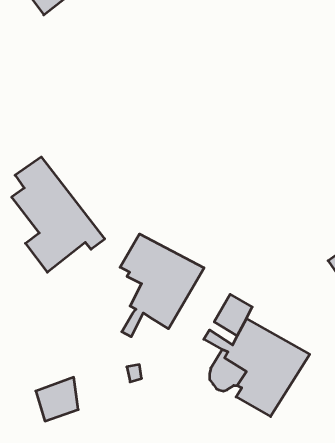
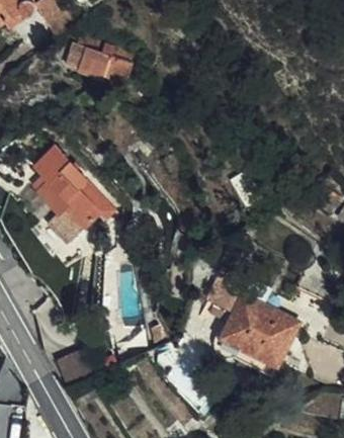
building: none -> [72,37,136,83]
building: [120,234,204,337] -> none

